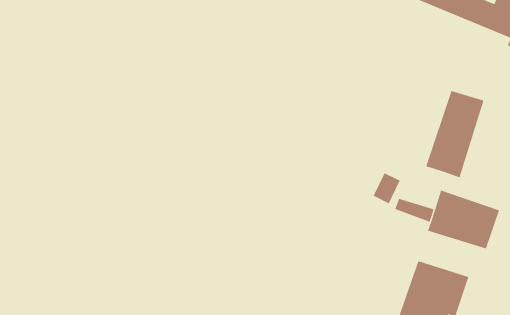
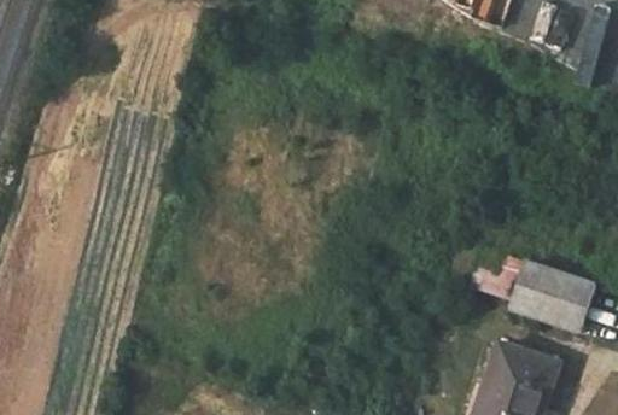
building: [426,90,484,178] -> none

